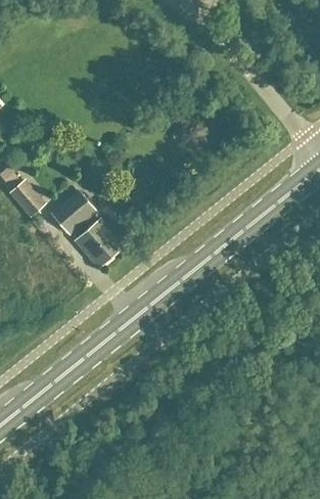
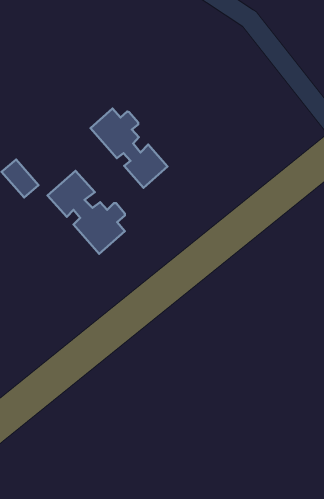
building: none -> [91,108,167,188]

